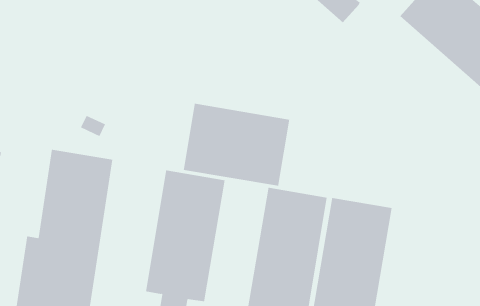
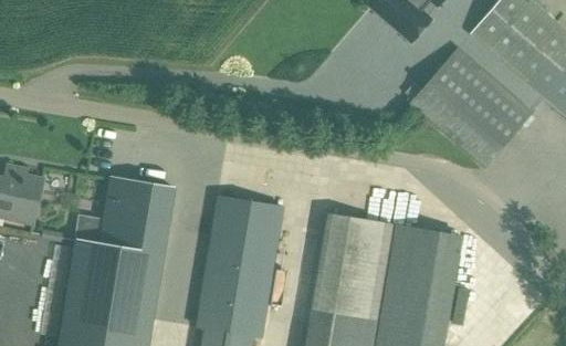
building: none -> [410,45,534,167]
building: [183,103,290,187] -> none

